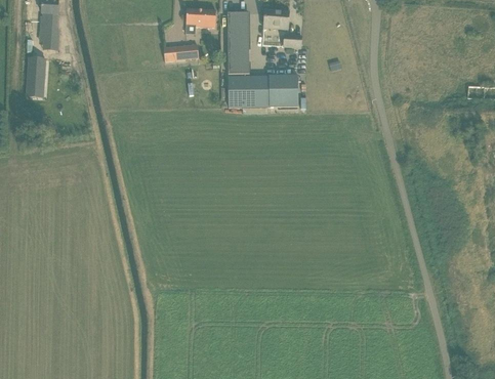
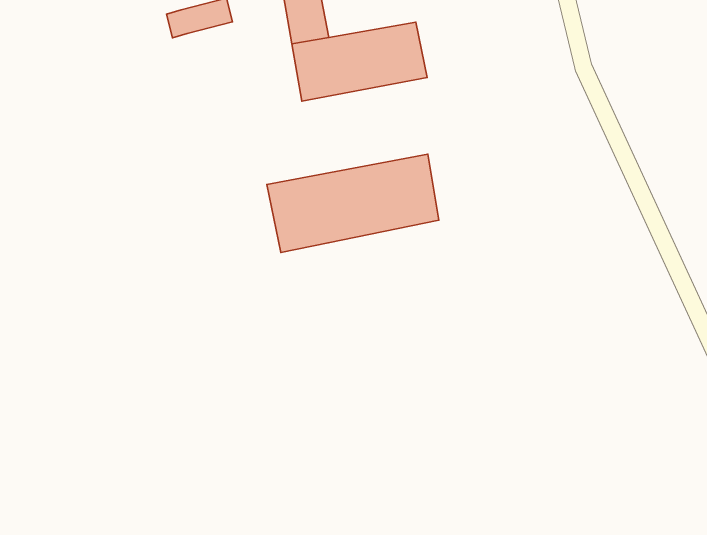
building: none -> [267,154,439,252]

